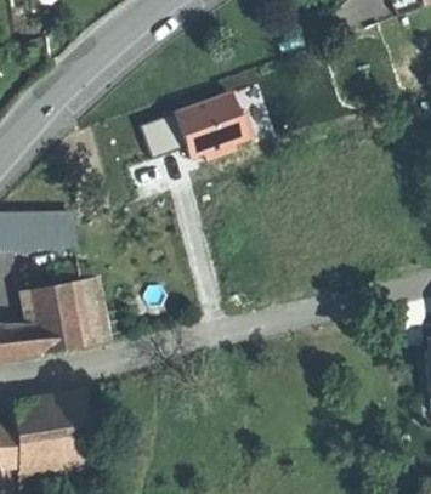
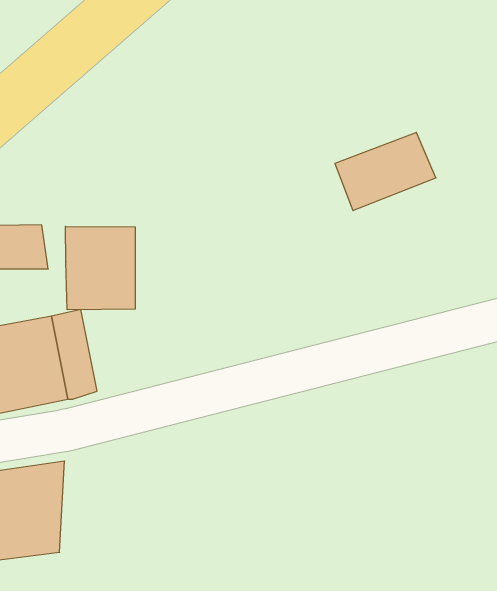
building: [169,96,244,154] -> [335,132,436,211]
building: none -> [65,226,135,310]

